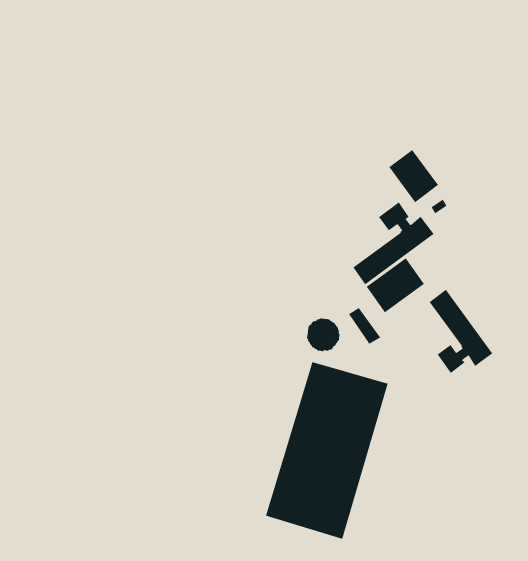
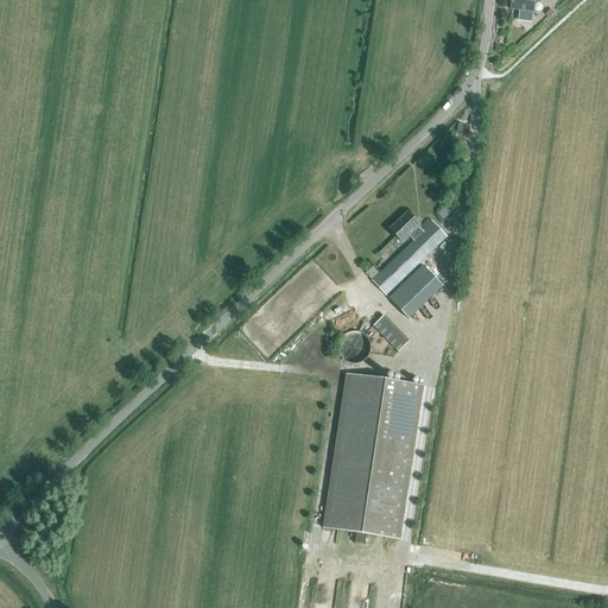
building: [389,149,439,203] -> none
building: [429,289,493,374] -> none

